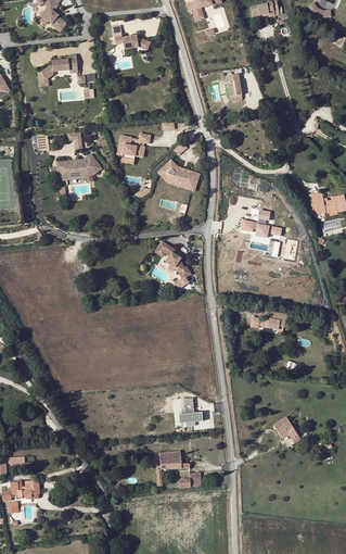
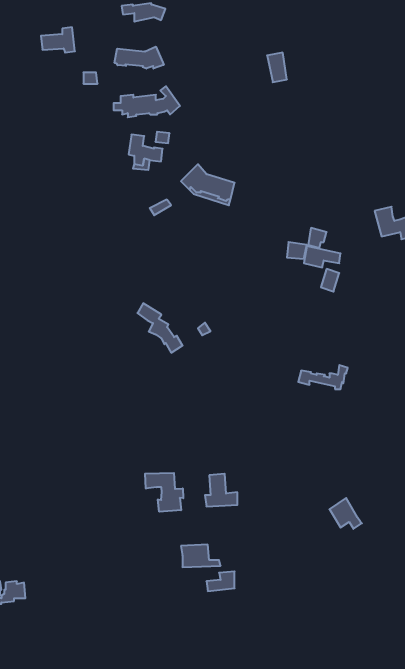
building: none -> [115,47,164,69]
building: [51,154,102,178] -> [114,86,180,117]
building: [154,241,189,279] -> [137,303,183,353]
building: none -> [145,473,183,512]

